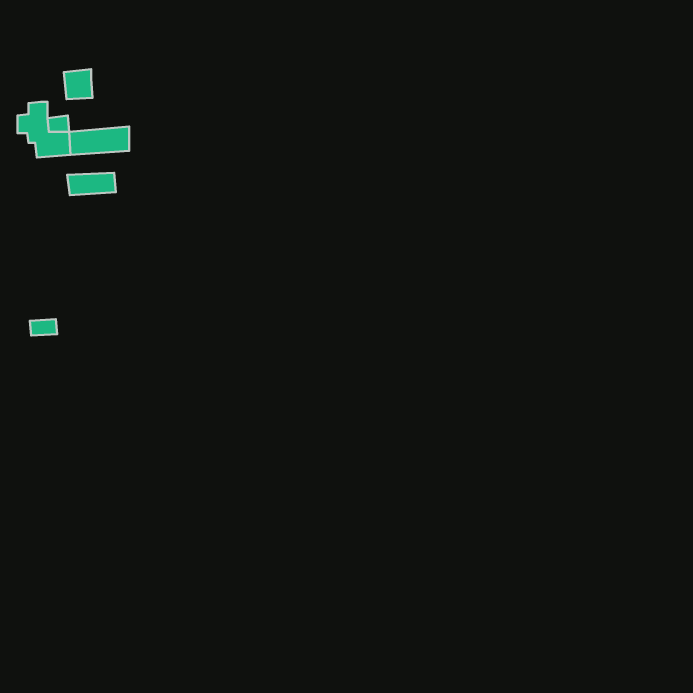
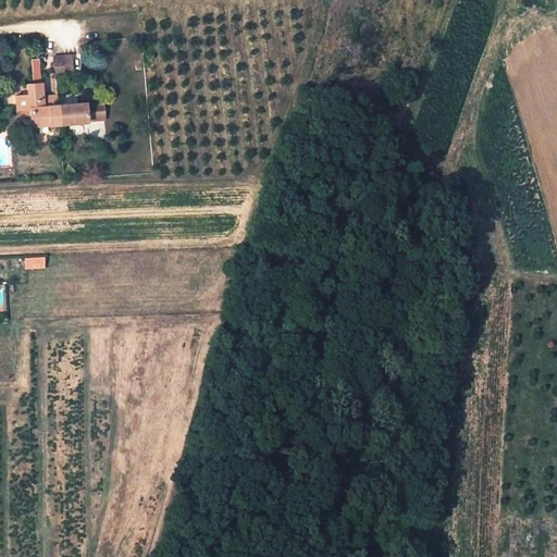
building: [67,173,116,195] -> none

